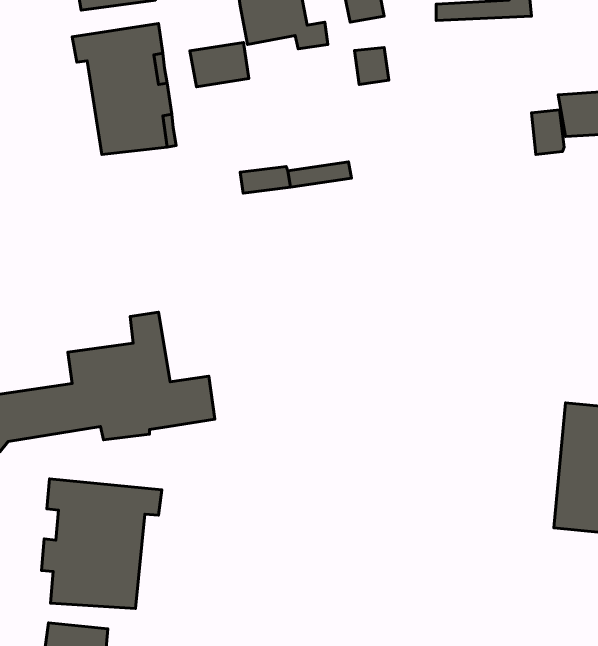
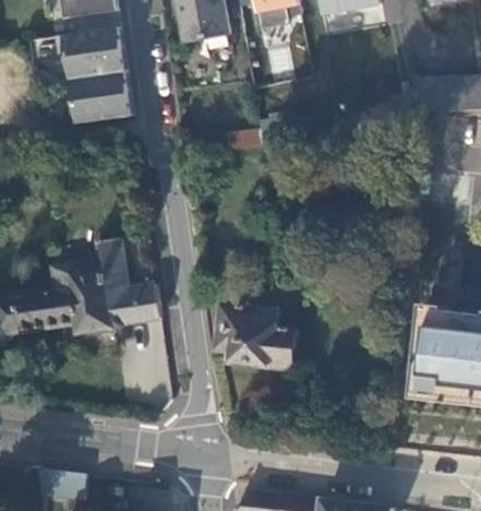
building: [190,42,249,87] -> none
building: none -> [206,300,298,368]
building: [42,479,162,609] -> none

